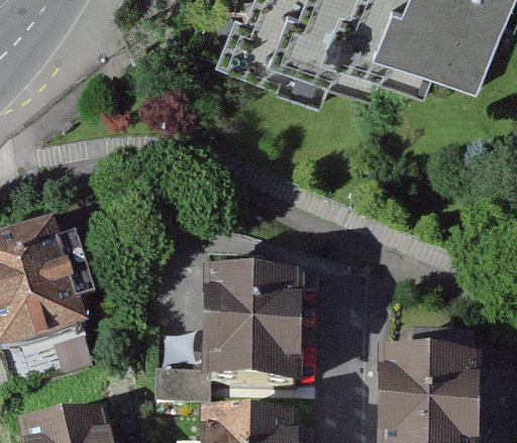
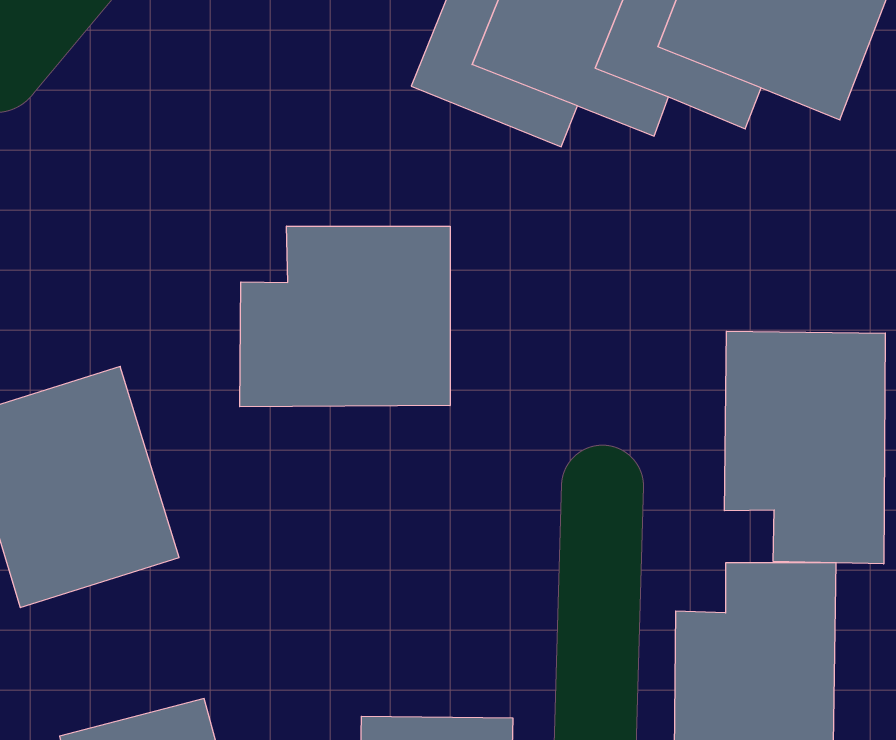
building: none -> [240,226,450,407]
building: none -> [724,331,885,564]
building: [158,260,297,392] -> none

